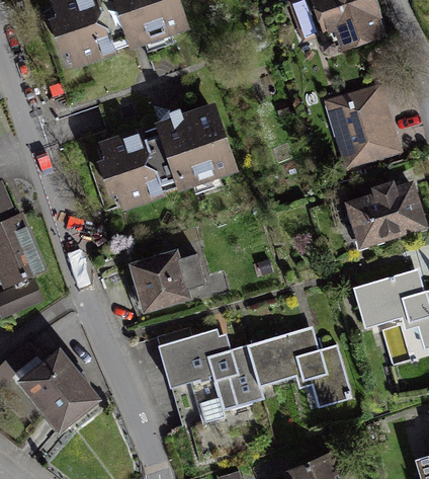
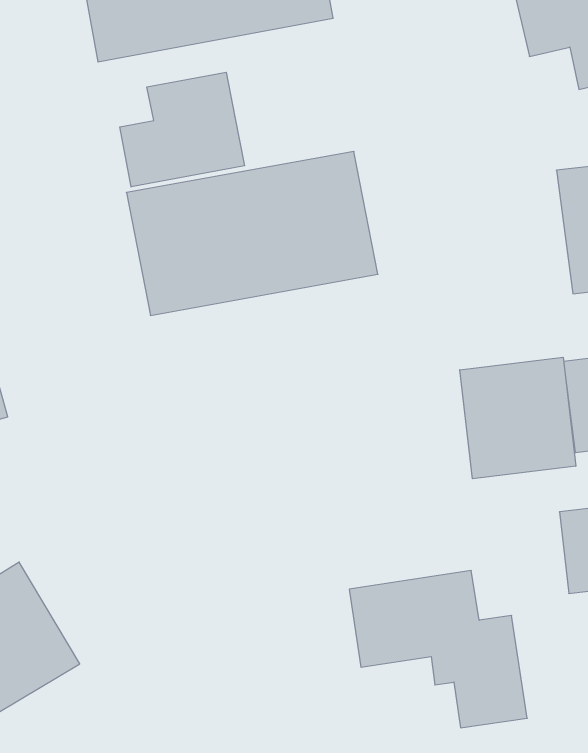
building: none -> [120,72,244,187]
building: none -> [460,357,576,479]
building: [130,251,203,311] -> none
building: [160,328,260,421] -> none

